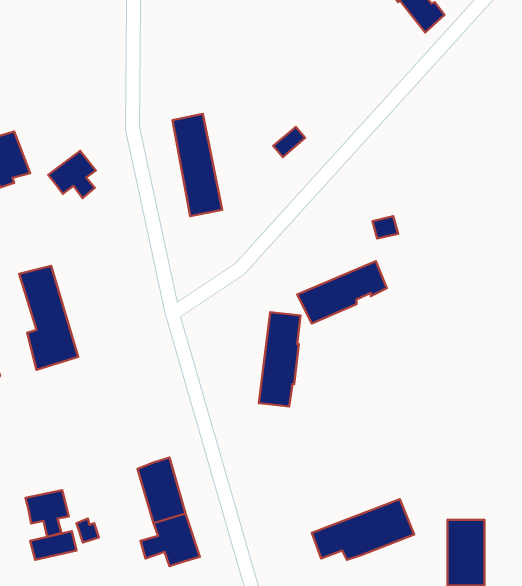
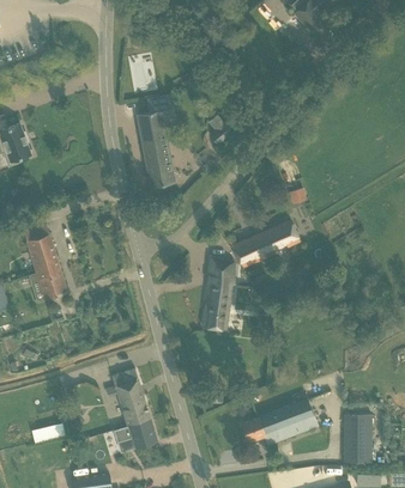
building: [48,151,96,198] -> none
building: [25,490,69,537] -> none

